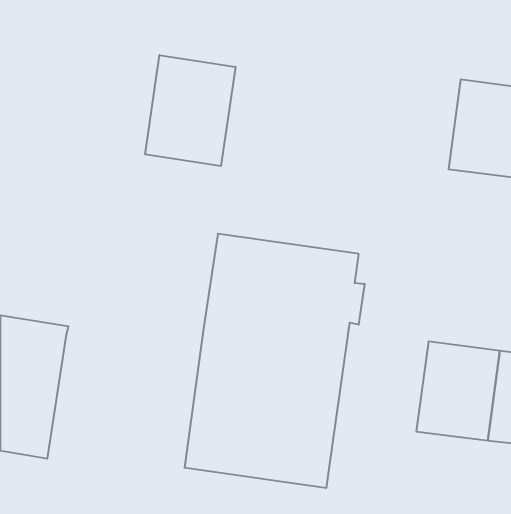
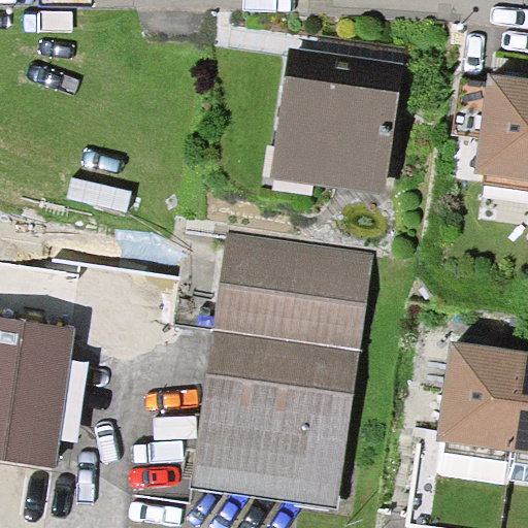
building: [145,55,235,166] -> none
building: none -> [278,61,399,190]

